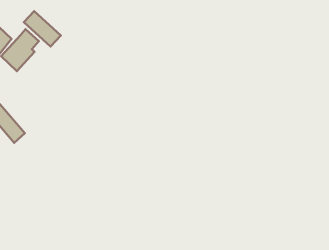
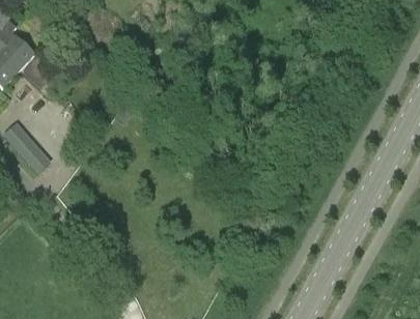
building: [24,11,61,46] -> none

